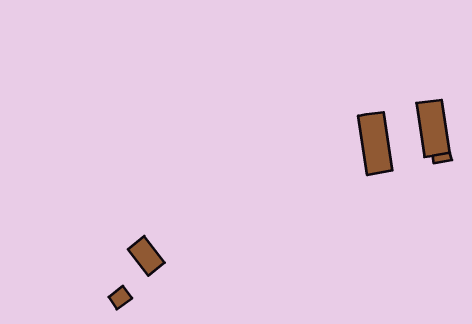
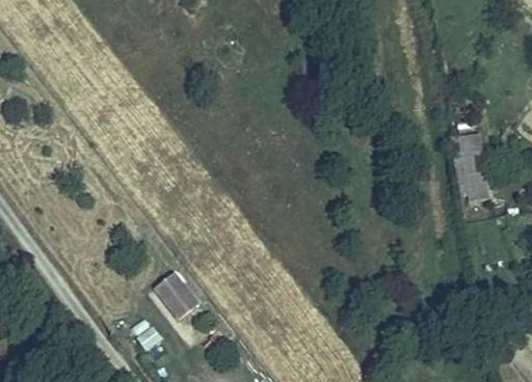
building: [358,112,392,175] -> none

